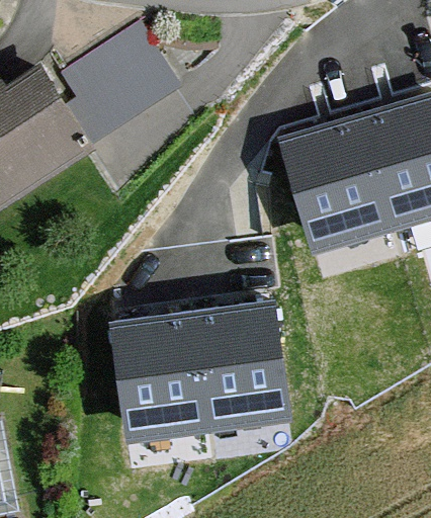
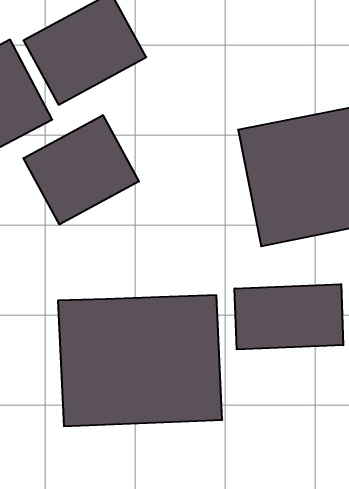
building: none -> [23,115,139,225]
building: none -> [235,284,343,349]

